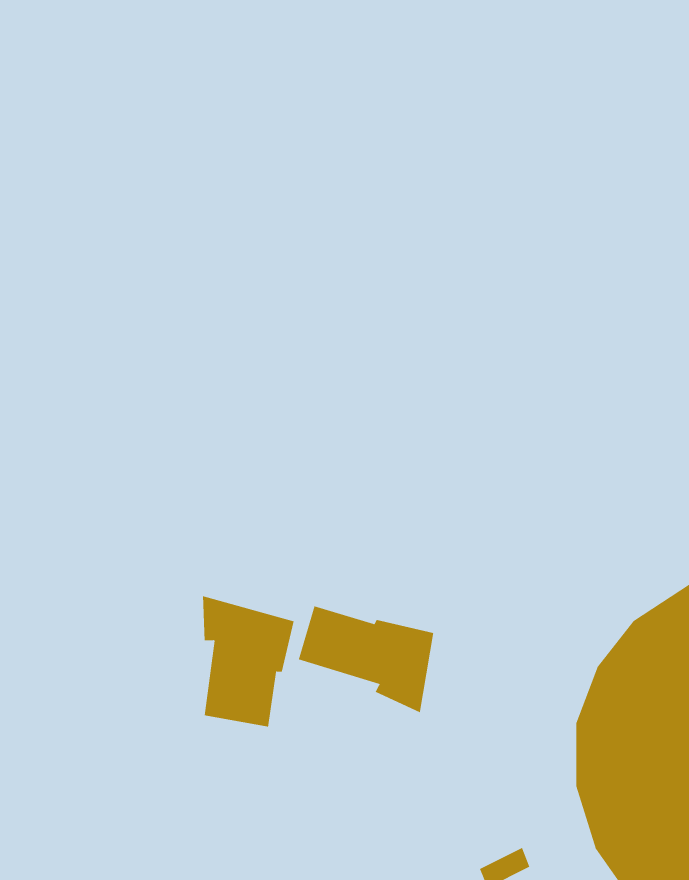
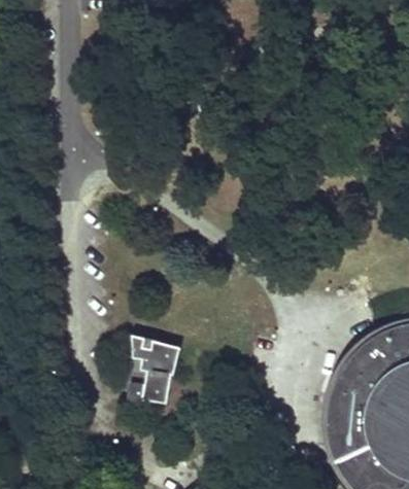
building: [298,606,434,713] -> none

